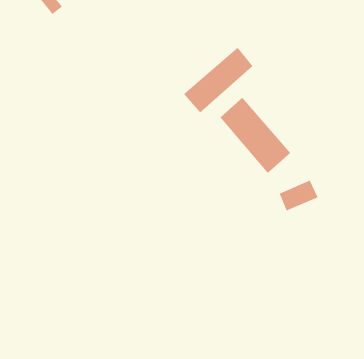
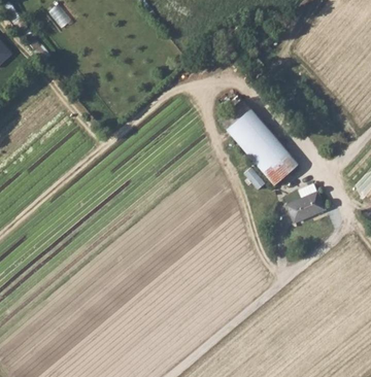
building: [183,47,253,113] -> none

